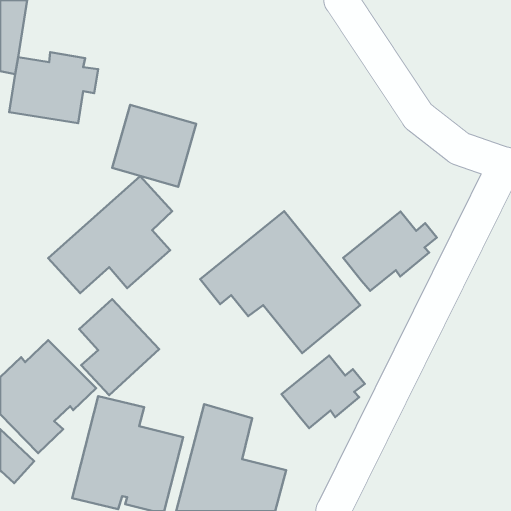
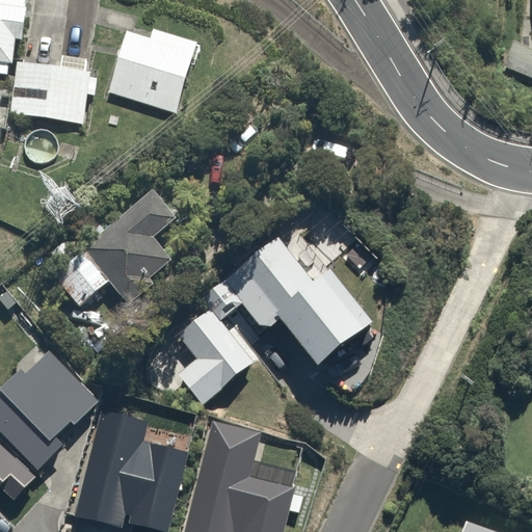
building: [112,105,196,187] -> [106,28,193,113]
building: [343,211,437,291] -> none
building: [79,299,159,395] -> [171,304,255,404]
building: [282,356,365,428] -> none

